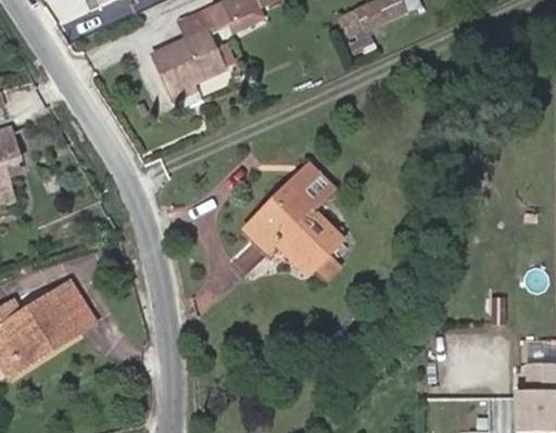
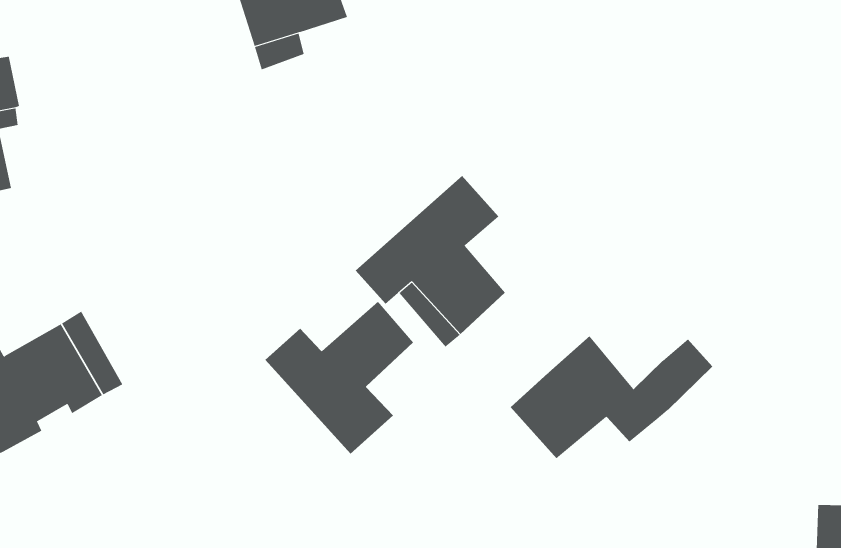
building: none -> [264,301,414,455]
building: none -> [510,335,713,459]

